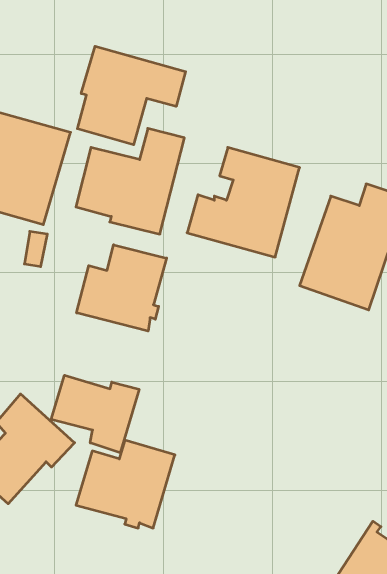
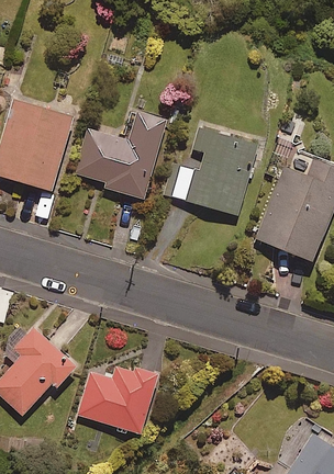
building: [77,46,186,145] -> none
building: [77,245,167,331] -> none
building: [51,375,139,453] -> none

